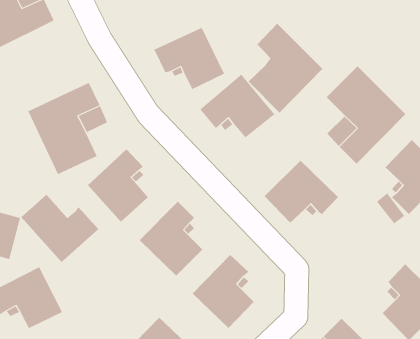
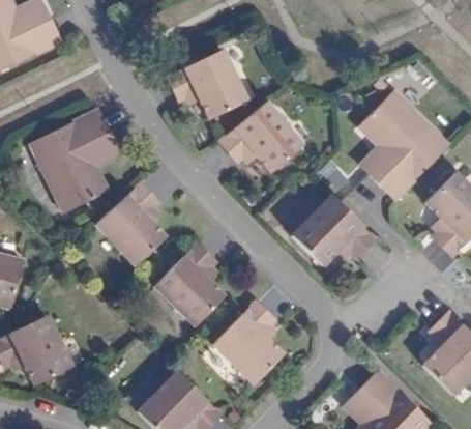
building: [248,23,323,114] -> none
building: [20,194,99,263] -> none

